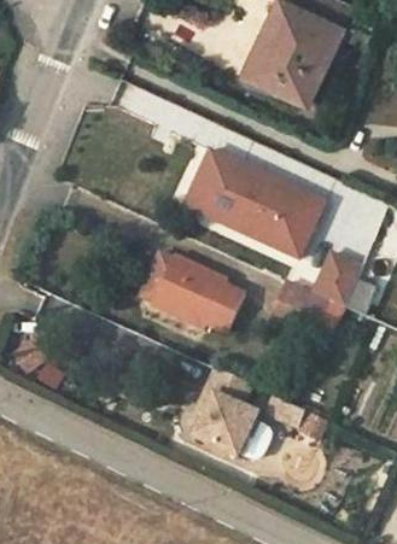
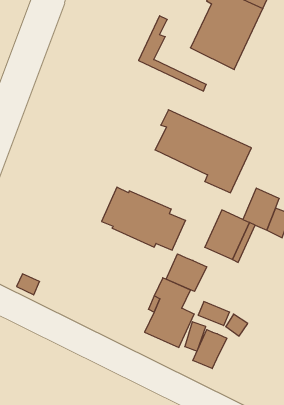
building: [186,150,272,245] -> [139,16,206,91]
building: none -> [166,254,207,291]
building: none -> [193,330,227,369]

